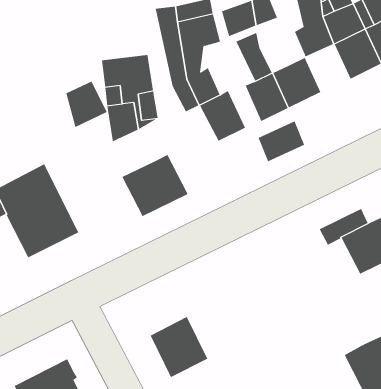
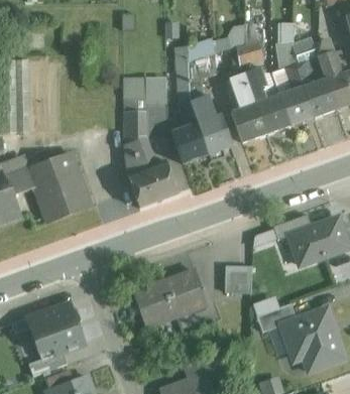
building: none -> [243,68,263,105]
building: none -> [277,89,310,124]
building: [65,81,108,128] -> [123,136,153,170]
building: none -> [167,123,204,161]
building: [258,121,305,162] -> none
building: none -> [225,267,251,294]
building: none -> [164,272,207,316]
building: none -> [256,304,296,334]

